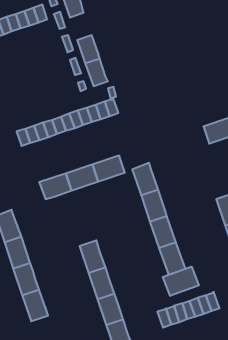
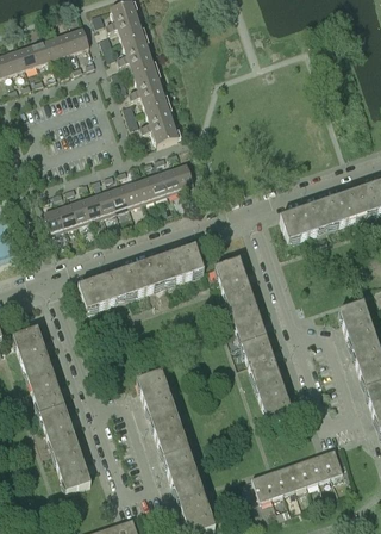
building: none -> [123,35,155,75]
building: none -> [280,203,327,241]
building: [163,267,199,296] -> none

